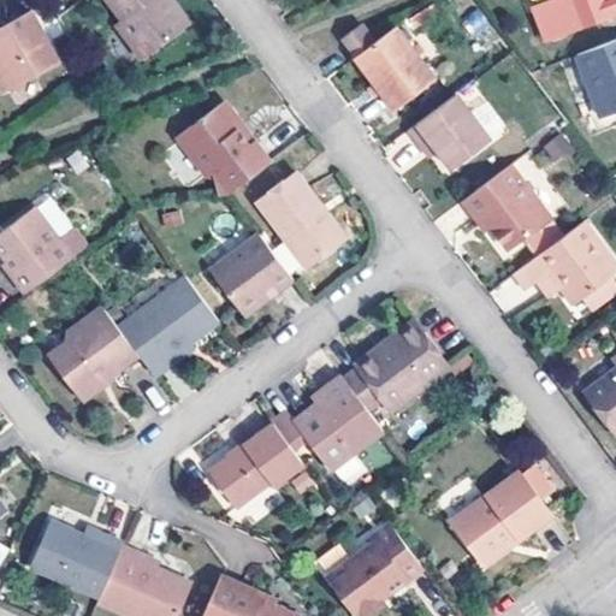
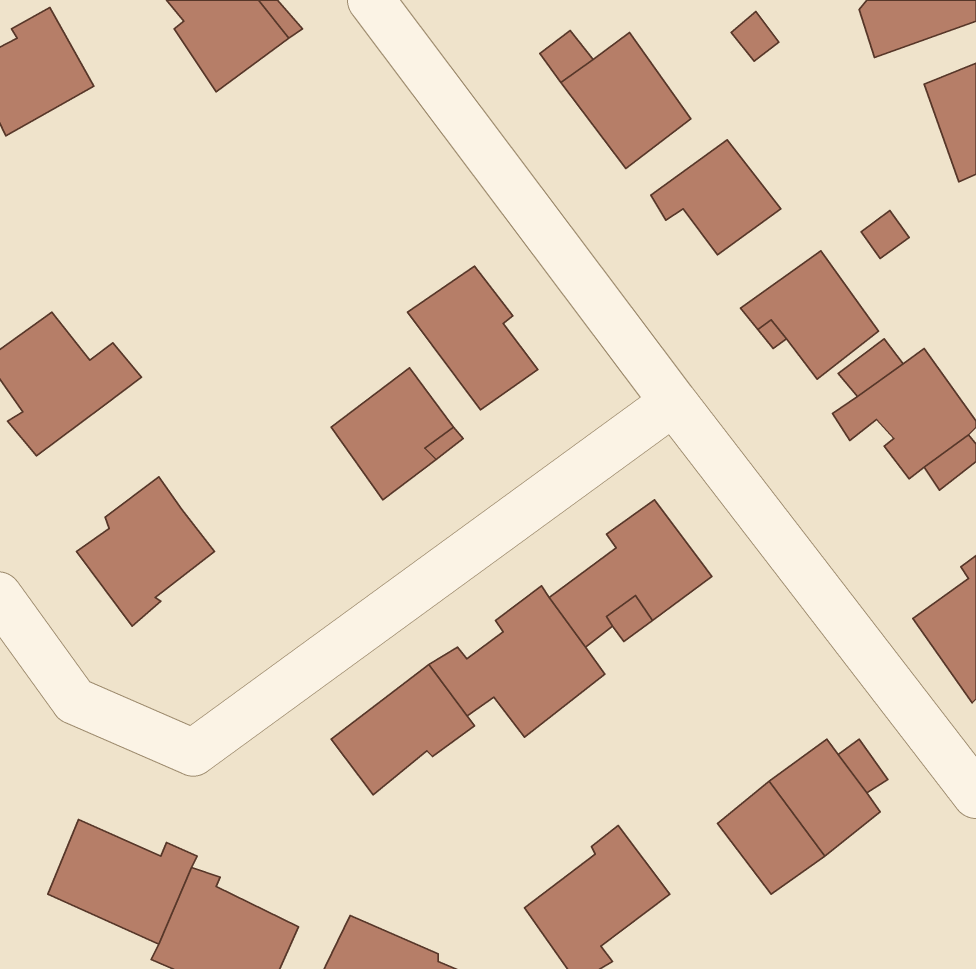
building: [173,108,268,195] -> none
building: [114,274,214,373] -> none

